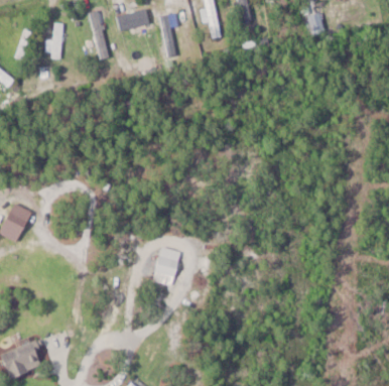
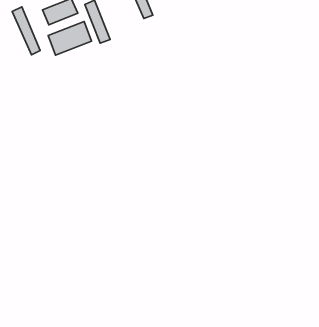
building: none -> [48,22,91,55]
building: [153,246,181,284] -> none

